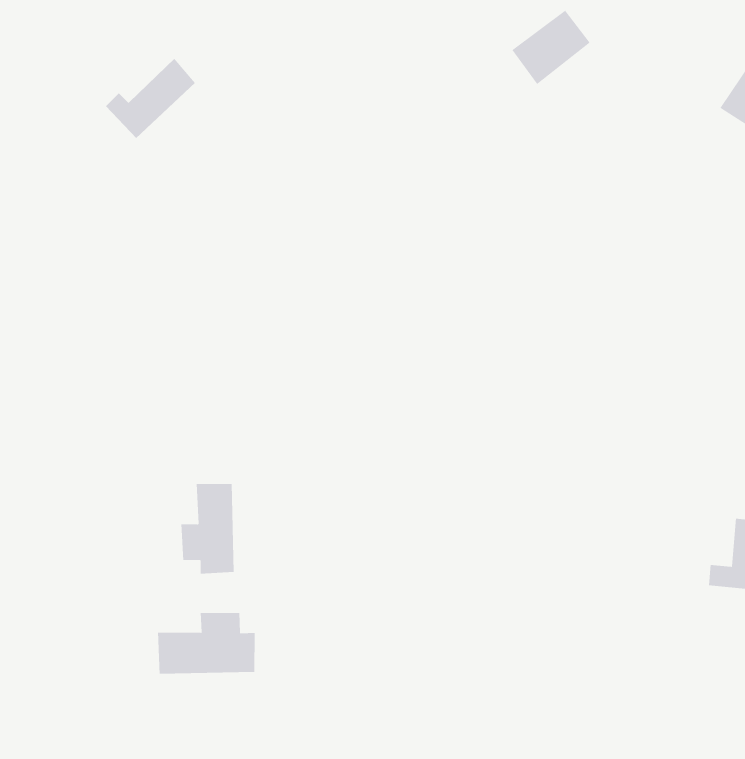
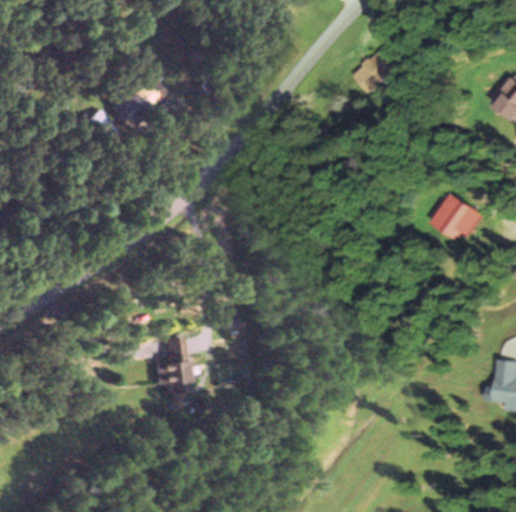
building: none -> [429,193,482,244]
building: [157,612,255,675] -> none

